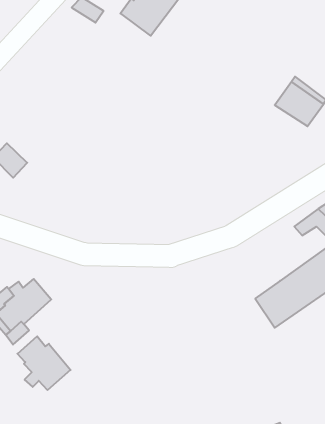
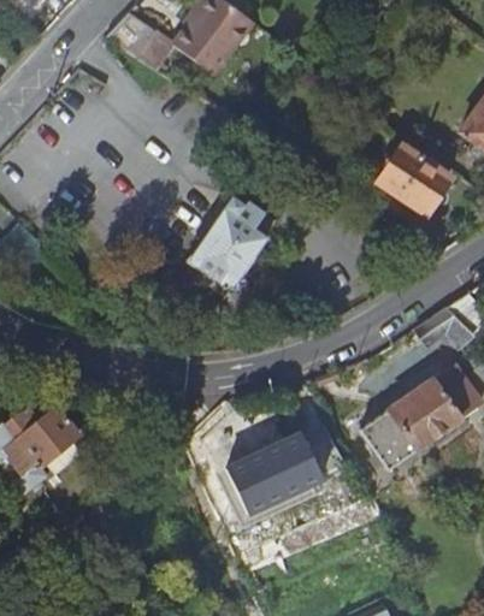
building: none -> [188,196,277,289]
building: none -> [228,427,323,507]
building: [17,336,71,390] -> none

